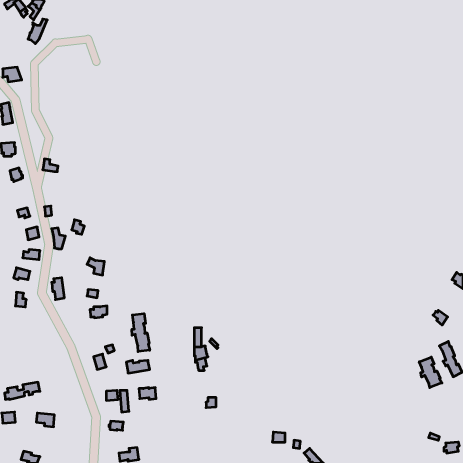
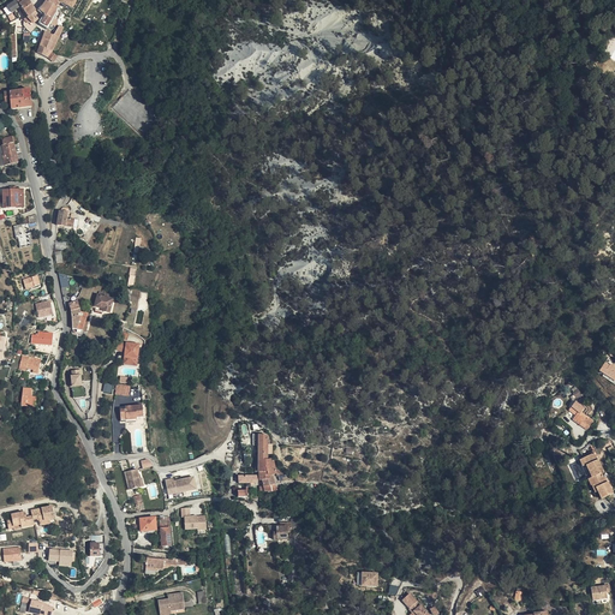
building: [132,314,150,352] -> none
building: [419,357,442,388] -> none

